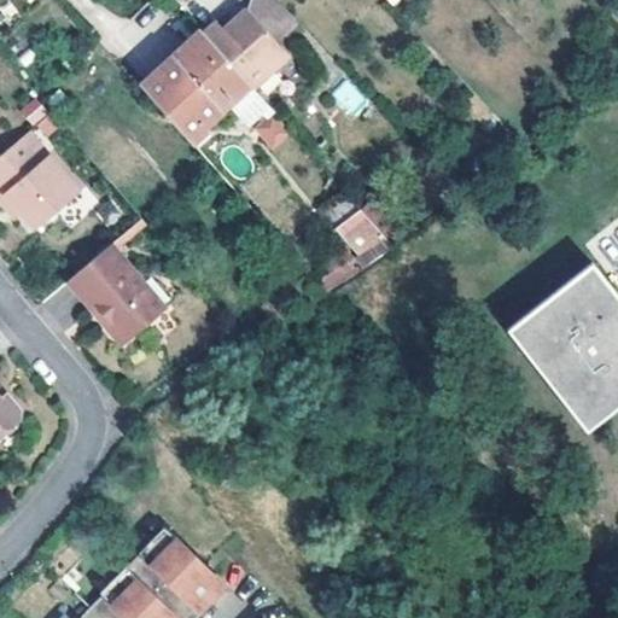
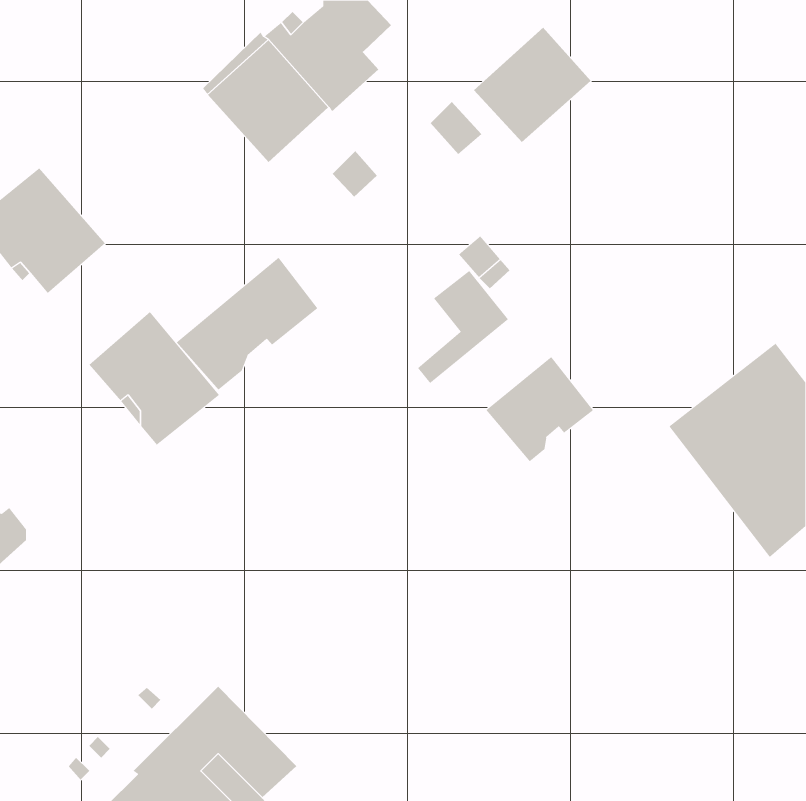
building: none -> [473,27,591,143]
building: none -> [176,257,318,391]
building: none -> [486,356,594,462]

